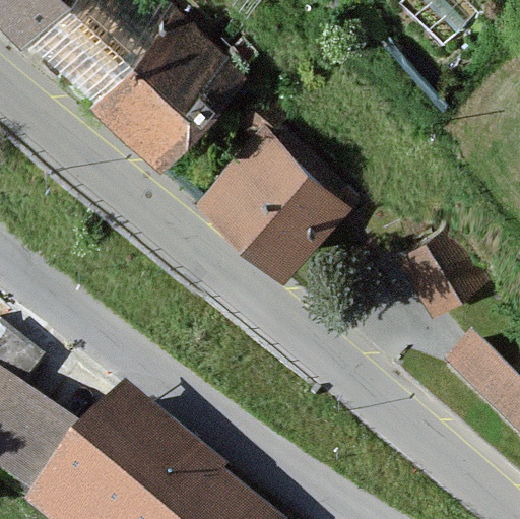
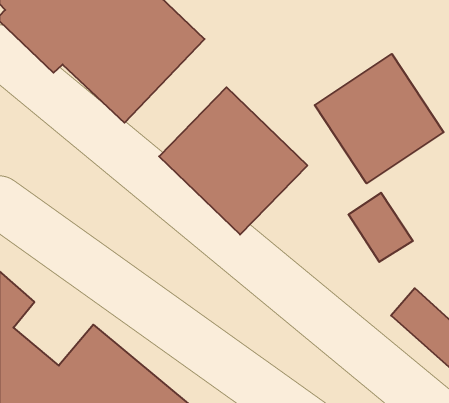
building: none -> [315,54,444,183]

